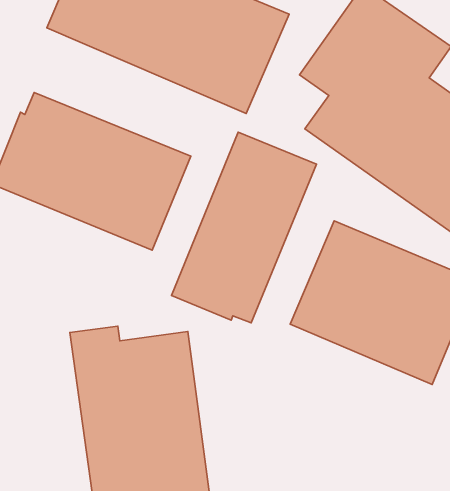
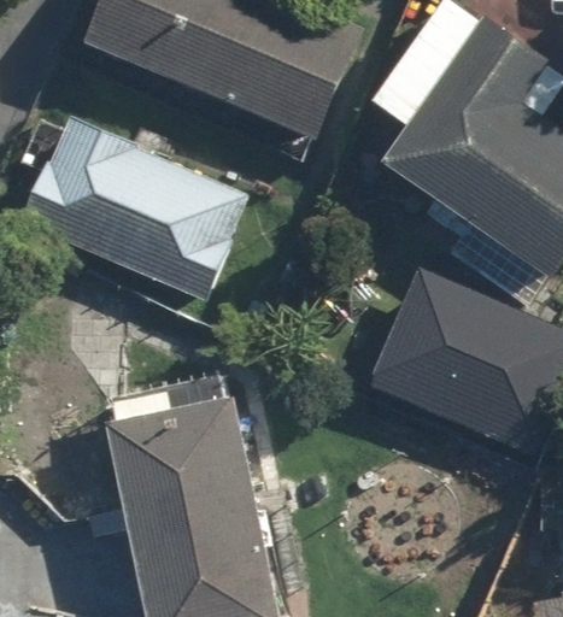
building: [171,132,317,323] -> none

